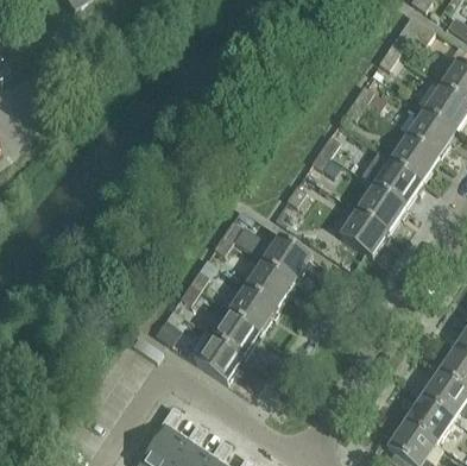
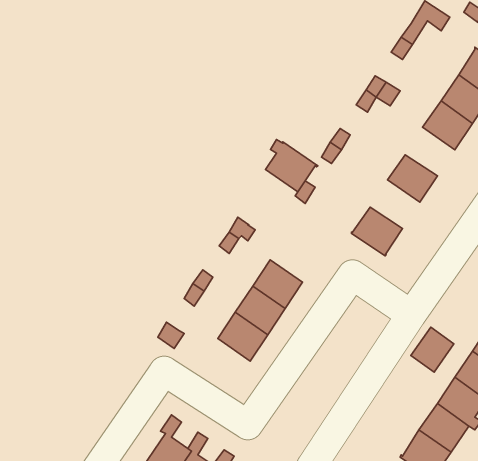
building: [391,133,438,180] -> none
building: [358,183,405,229] -> none
building: [263,231,313,281] -> [265,139,318,192]
building: none -> [411,327,454,372]
building: [194,334,244,382] -> none

